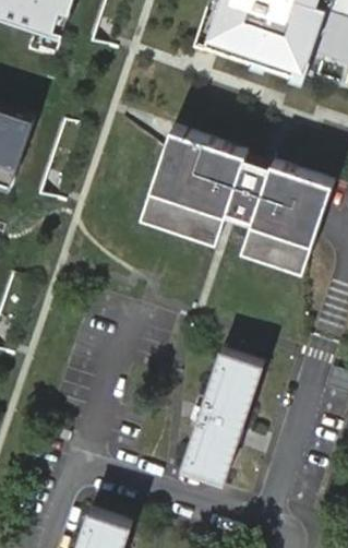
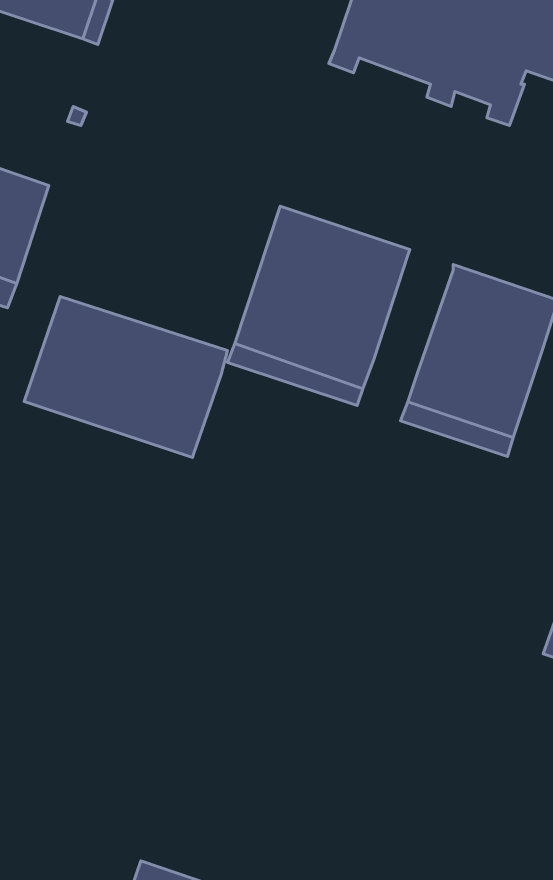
building: [223,158,268,227] -> none
building: none -> [24,297,227,458]
building: [180,349,260,486] -> none

